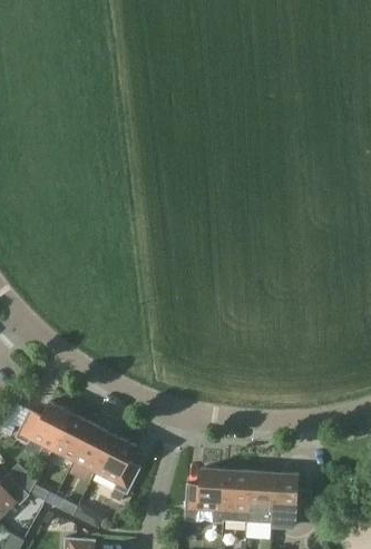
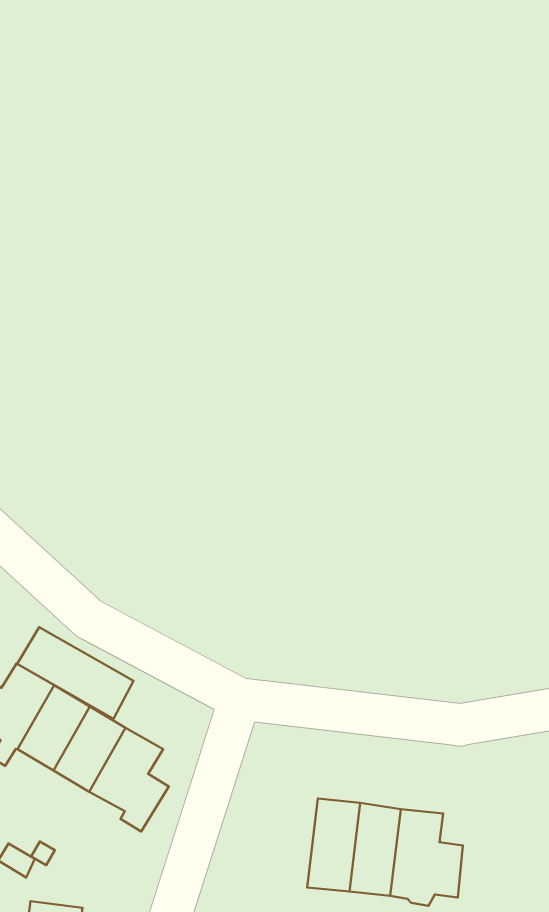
building: none -> [17,627,133,719]
building: [185,468,227,523] -> none

